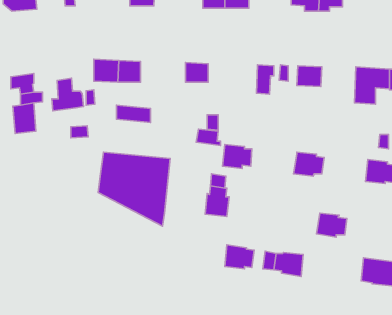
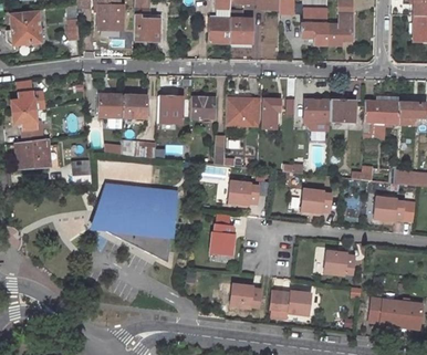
building: none -> [157,96,183,124]
building: none -> [329,97,355,123]
building: none -> [226,98,261,127]
building: [52,78,83,111] -> [13,79,45,112]

